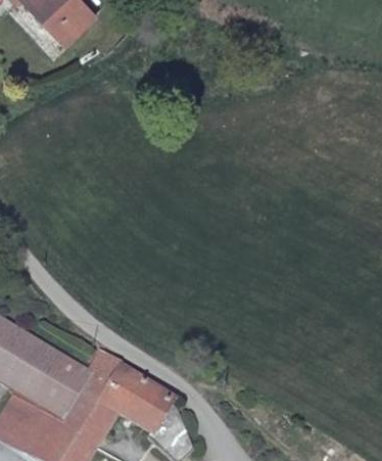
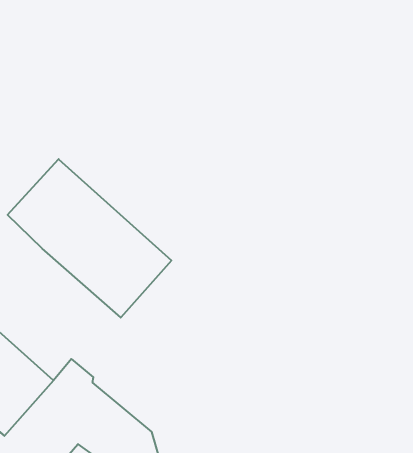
building: none -> [8,159,171,318]

